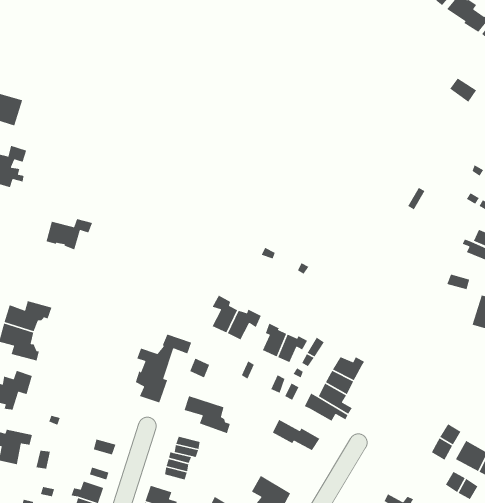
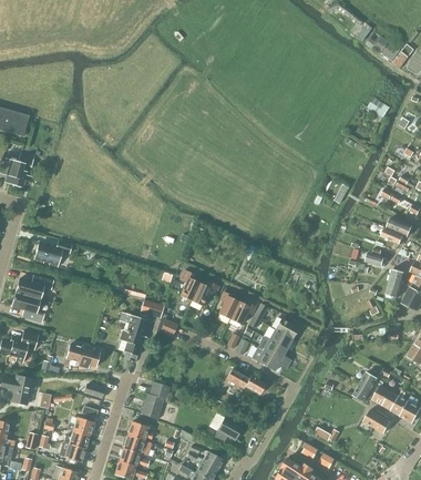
building: [46,218,93,250] -> [33,241,71,266]
building: none -> [64,343,99,367]
building: [184,395,231,434] -> none

